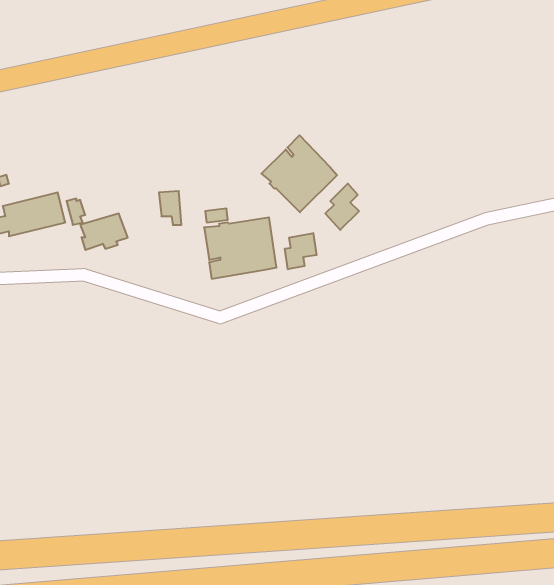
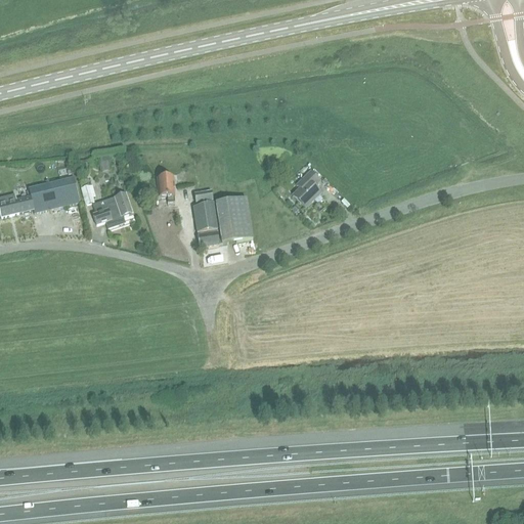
building: [261,135,337,212] -> none
building: [285,233,317,269] -> none

